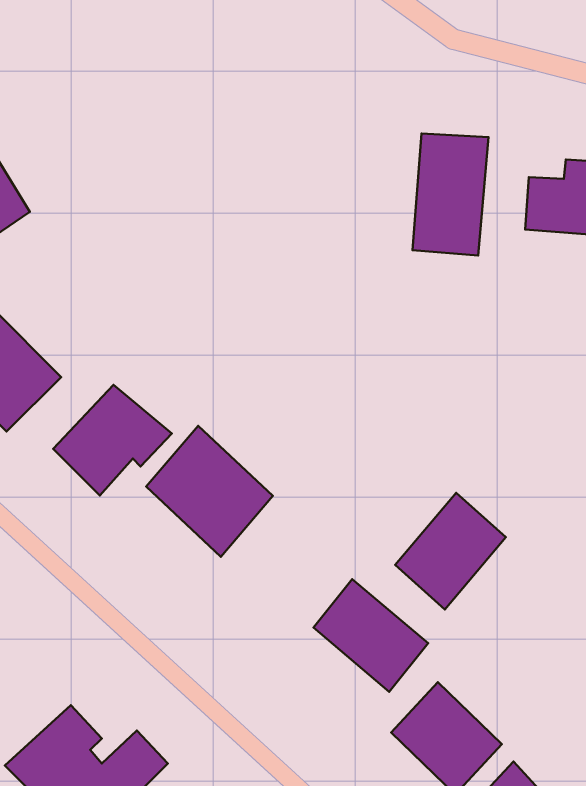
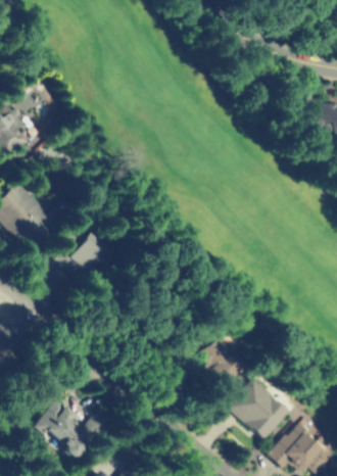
building: [412,134,488,255] -> none
building: [146,426,273,557] -> none
building: [395,493,506,609] -> none

